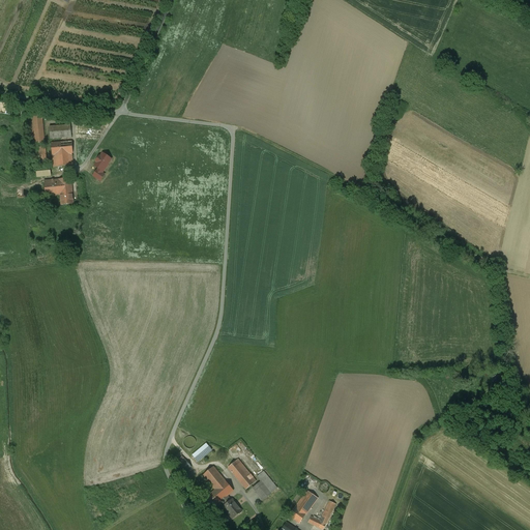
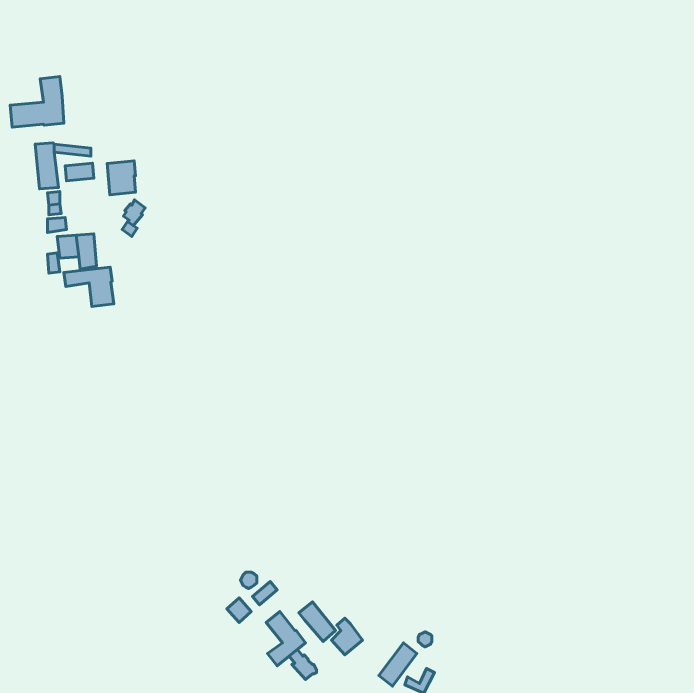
building: none -> [10,77,64,127]
building: [51,141,72,167] -> [107,161,136,195]
building: none -> [64,267,114,307]

